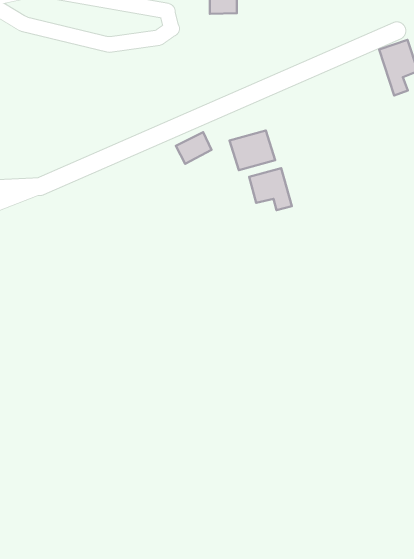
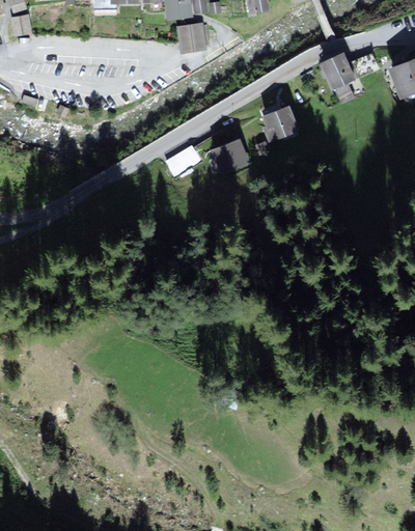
building: none -> [259,105,299,141]
building: [249,168,292,210] -> none

